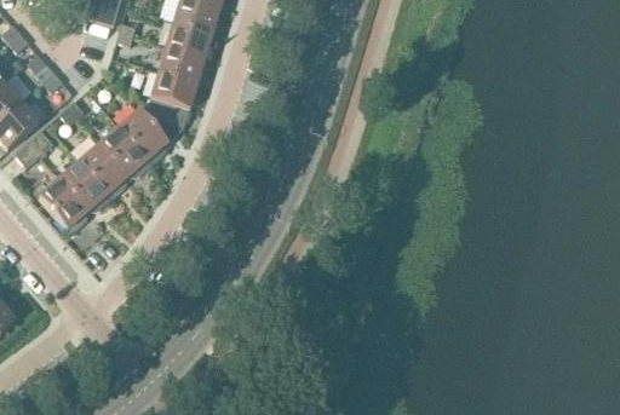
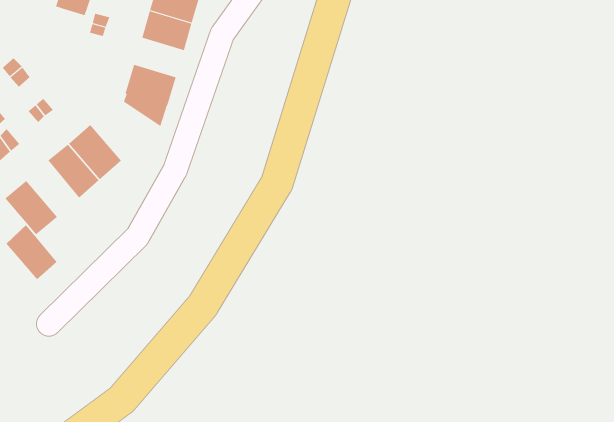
building: [157,45,205,81] -> none
building: [117,104,183,158] -> none
building: [58,158,107,211] -> [5,224,58,280]

